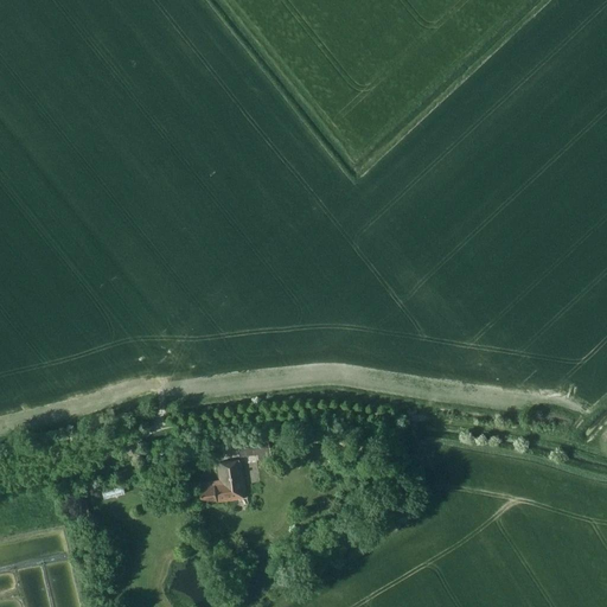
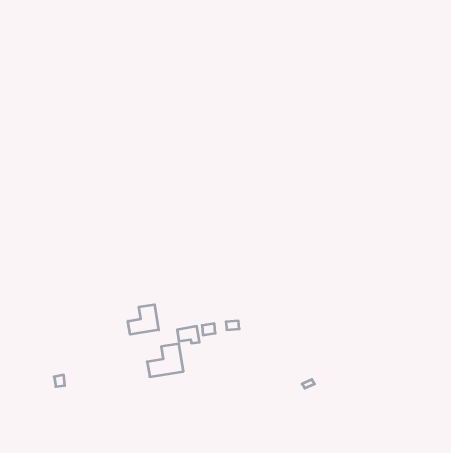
building: none -> [128,305,159,334]

